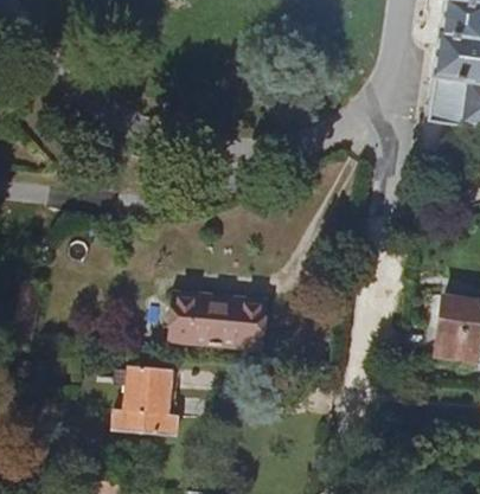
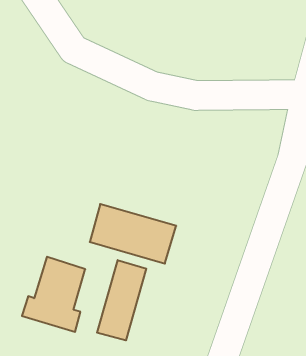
building: none -> [97,260,146,340]

